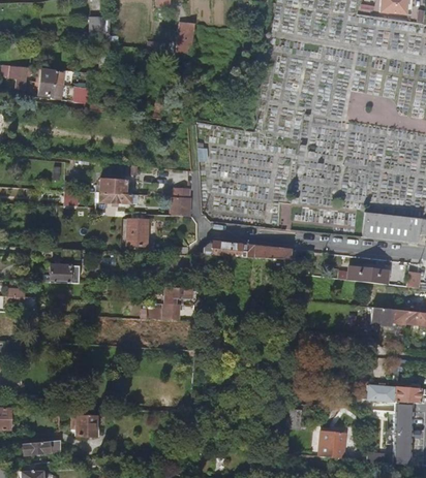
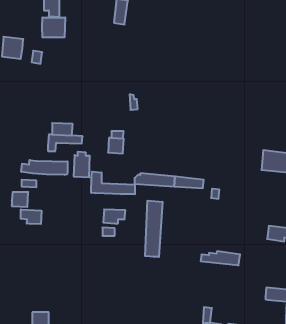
building: none -> [42,17,65,37]
building: none -> [21,160,68,175]
building: none -> [91,172,135,194]
building: [338,266,388,284] -> [201,251,240,265]
building: none -> [145,201,162,257]
building: none -> [21,209,41,224]

